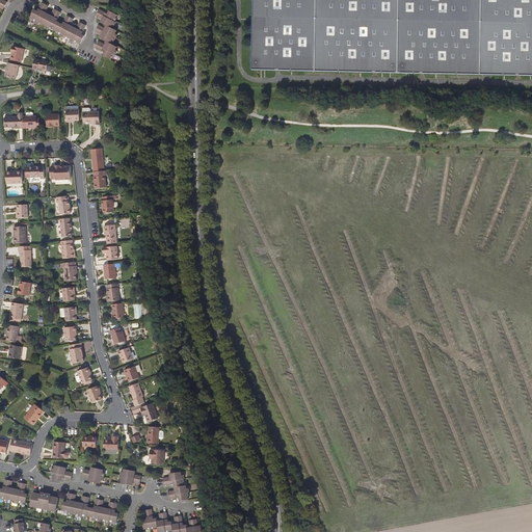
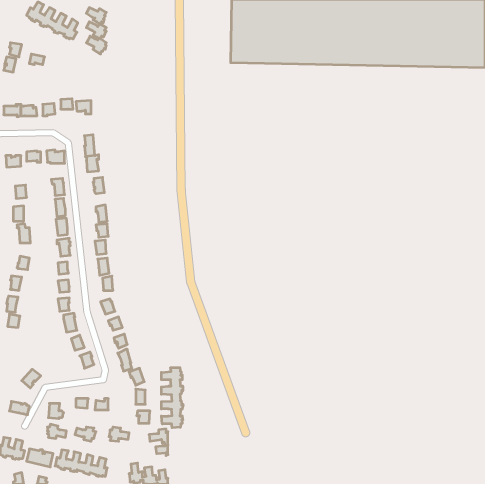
building: none -> [161,368,183,428]

